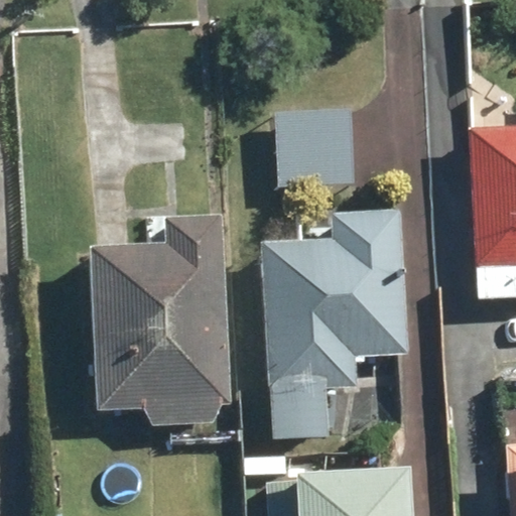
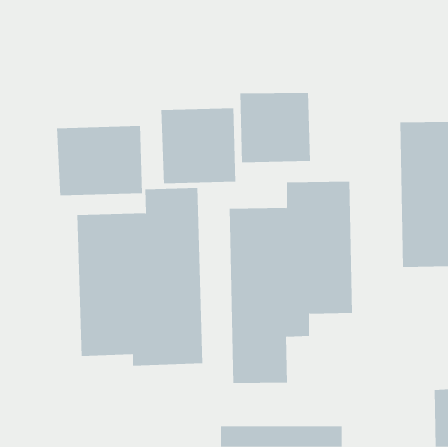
building: none -> [161,108,236,184]
building: none -> [57,125,143,196]

